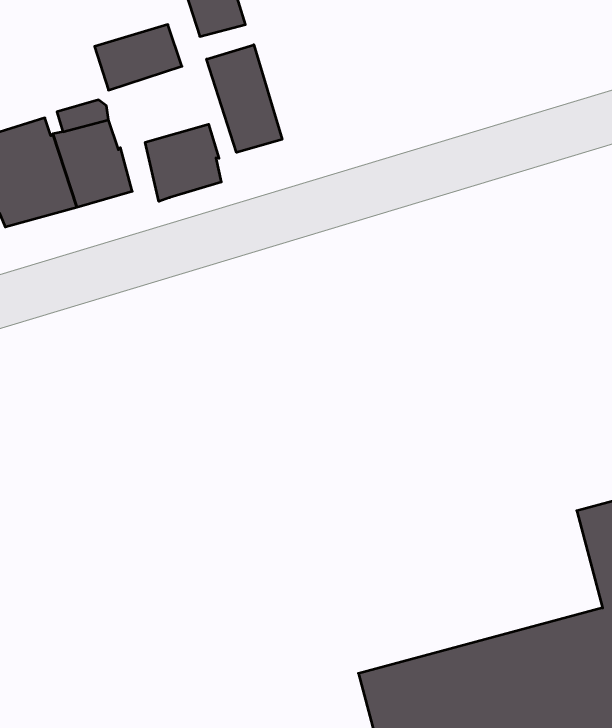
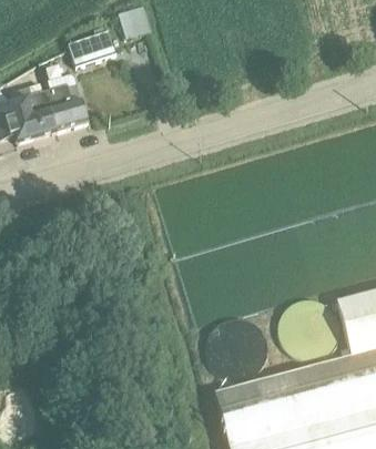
building: [207,45,282,152] -> none
building: [145,124,221,201] -> none

